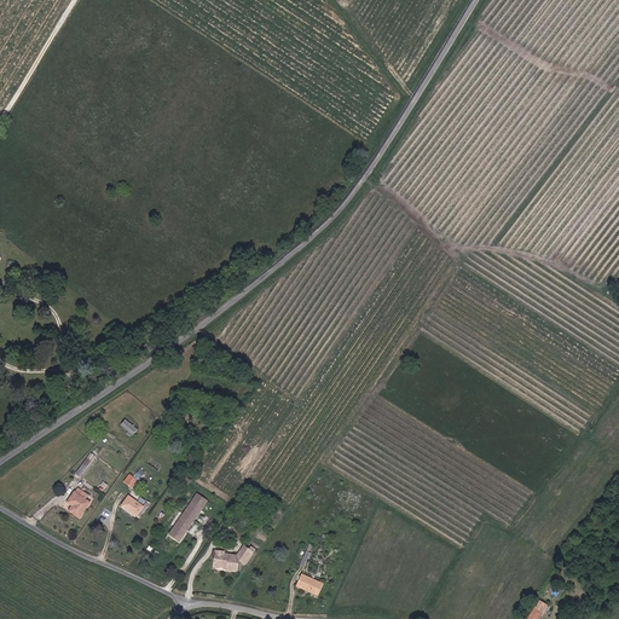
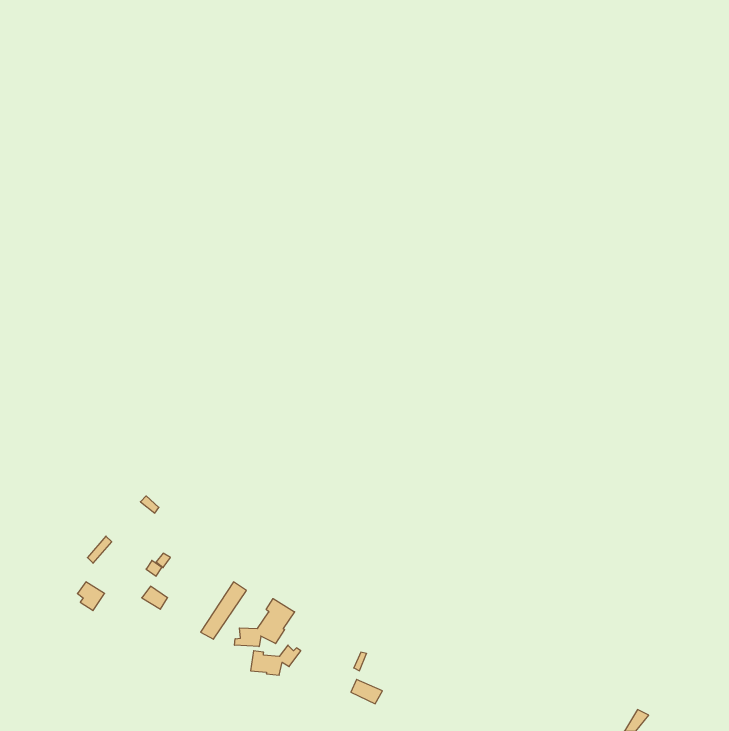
building: none -> [235,599,295,647]

